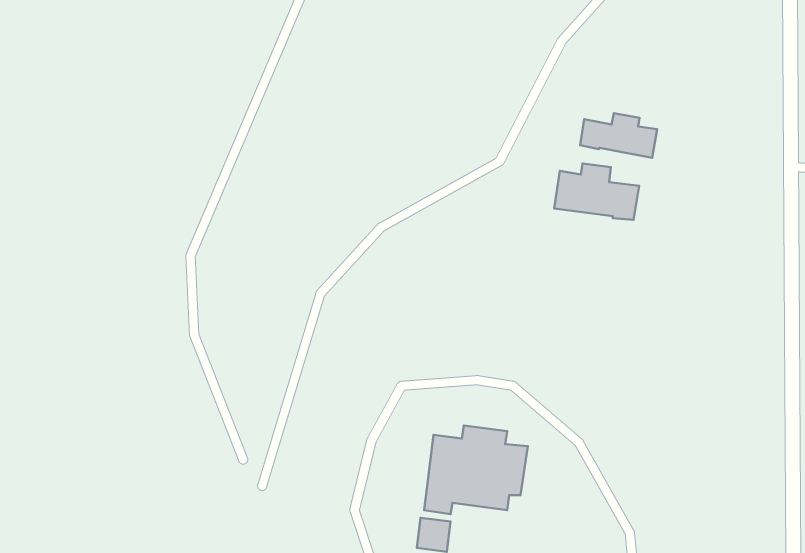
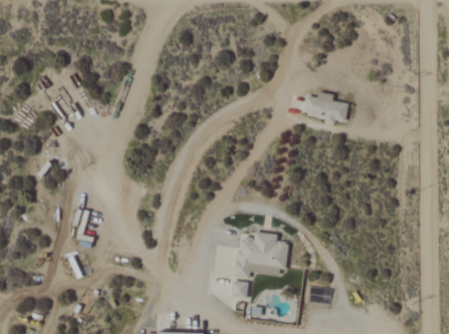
building: [580,113,657,158] -> none

